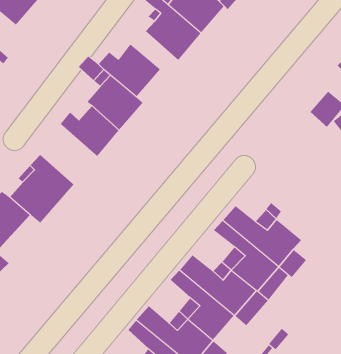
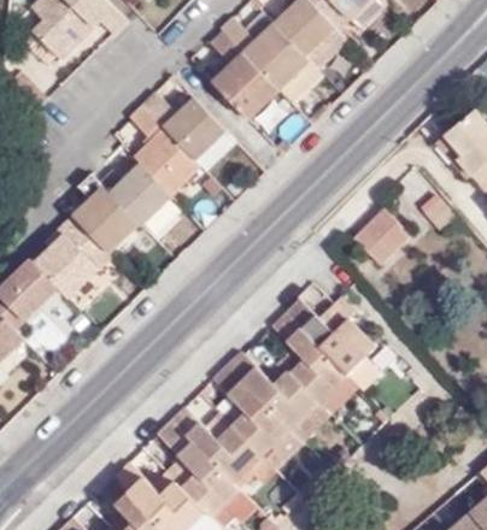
building: none -> [75,172,137,251]
building: none -> [352,205,411,264]

